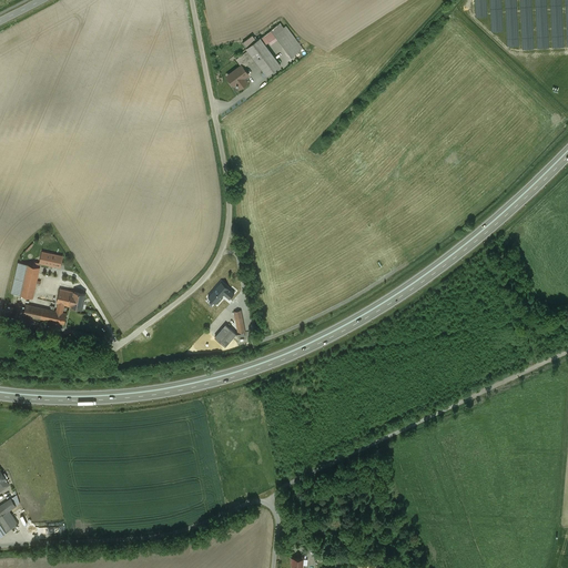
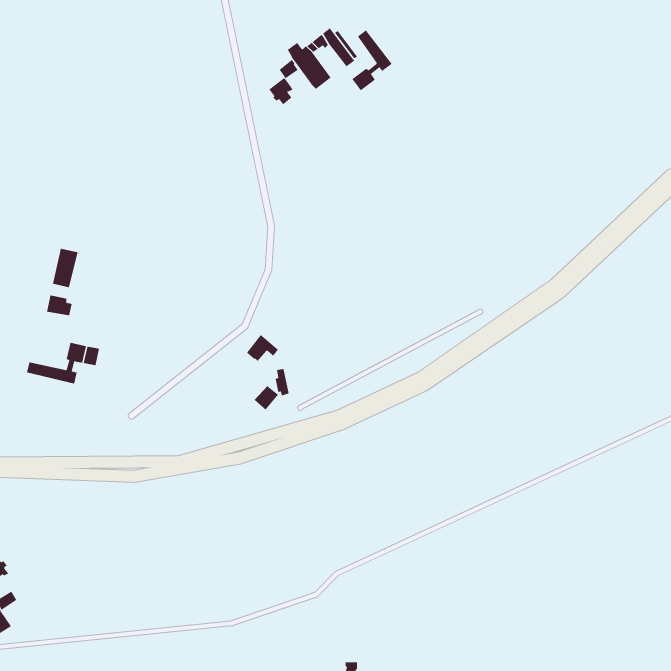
building: none -> [352,29,392,91]
building: [17,265,39,298] -> [52,248,79,288]

